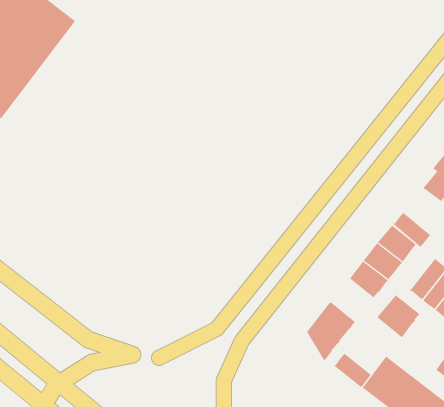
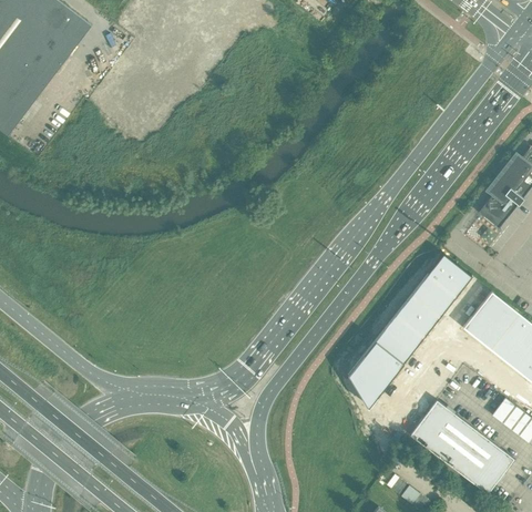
building: [392,212,431,247] -> none
building: [376,294,420,338] -> [375,314,423,362]
building: [333,353,372,388] -> none

